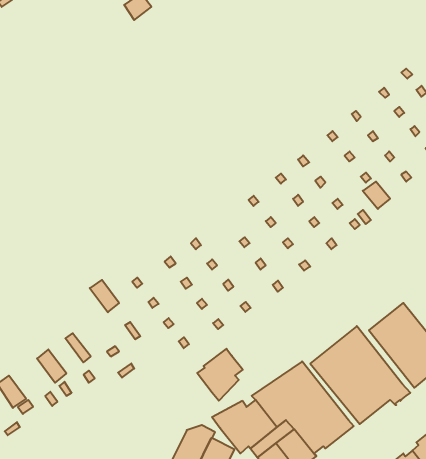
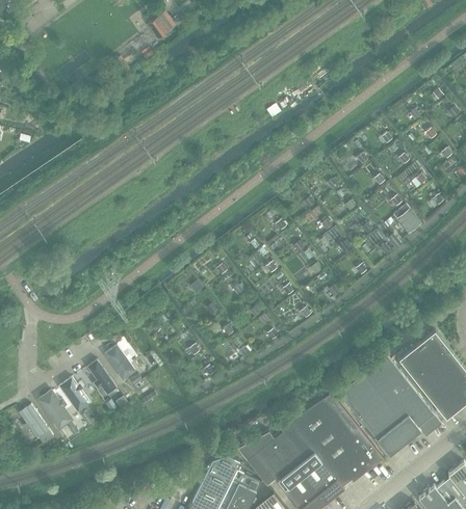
building: [90,280,119,312] -> [103,348,133,381]
building: [197,349,243,401] -> none
building: none -> [37,392,70,429]

